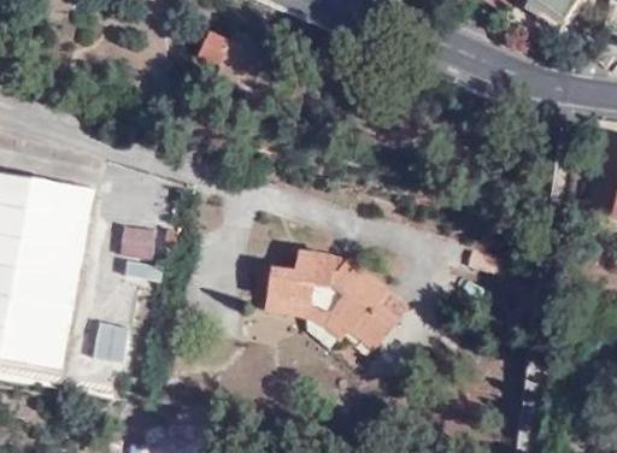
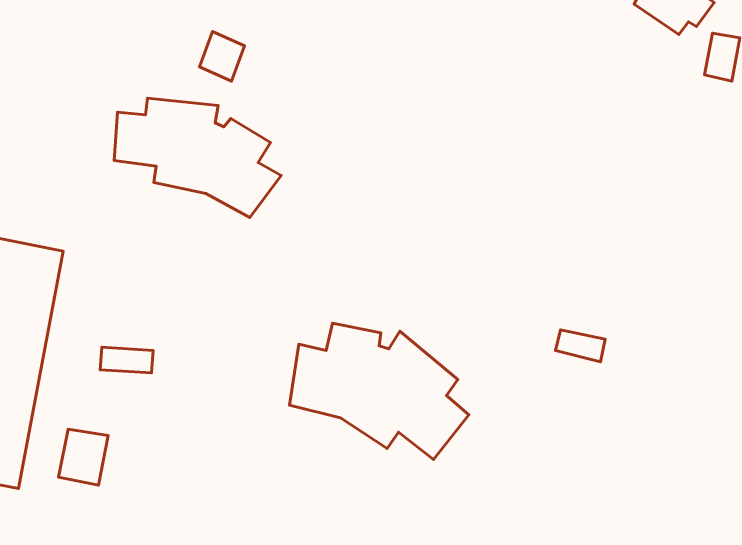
building: none -> [114,98,281,218]
building: [116,225,154,261] -> none

